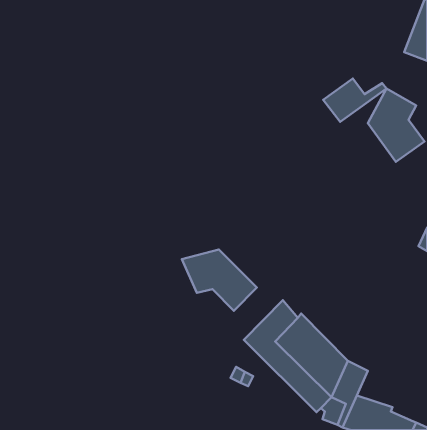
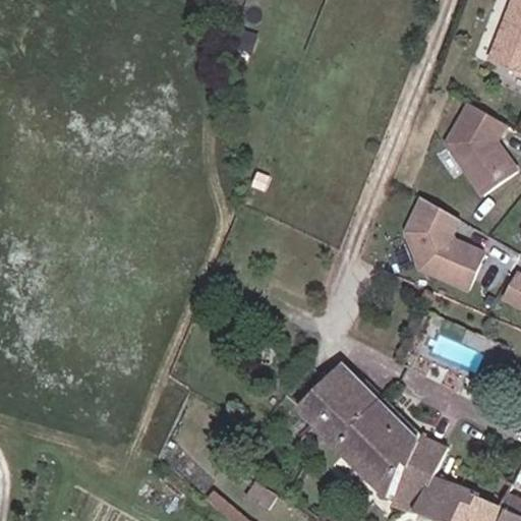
building: [323,79,386,122] -> none
building: none -> [402,193,496,292]
building: [182,250,257,311] -> none

